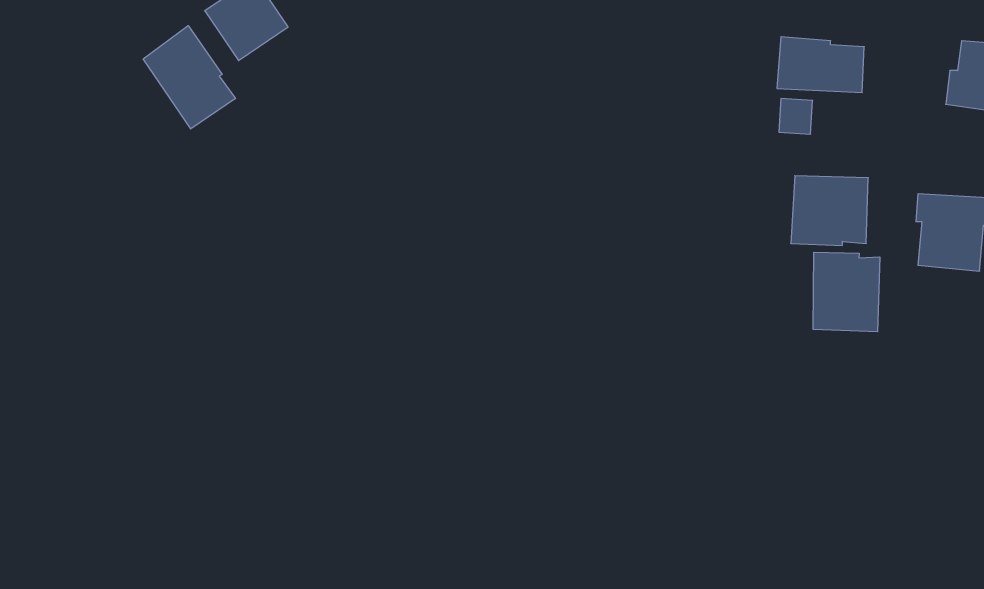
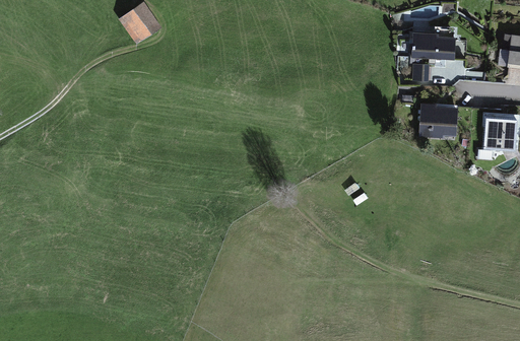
building: [143,26,236,129] -> none
building: [813,252,880,332] -> none

